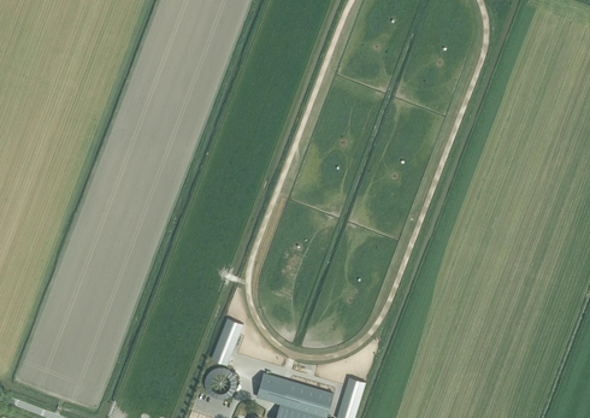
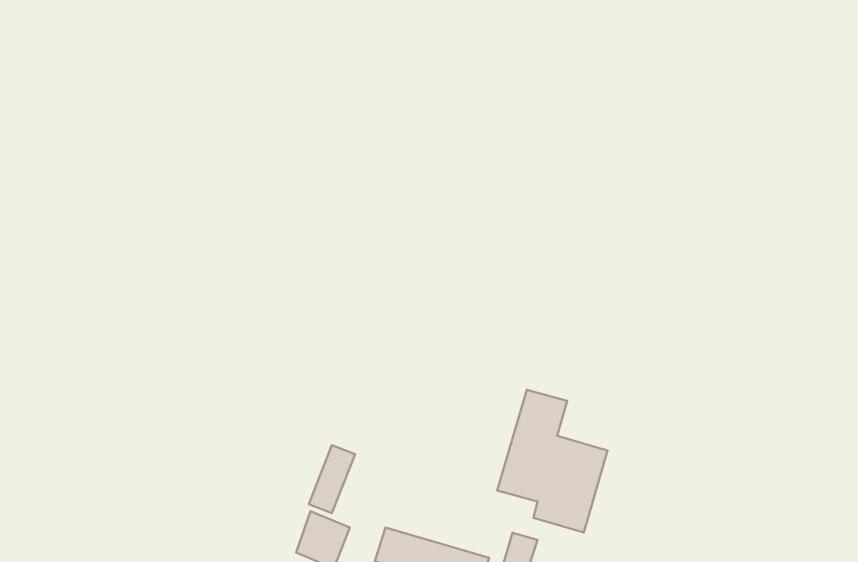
building: none -> [497,390,607,532]

